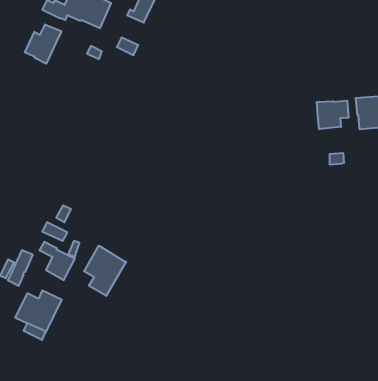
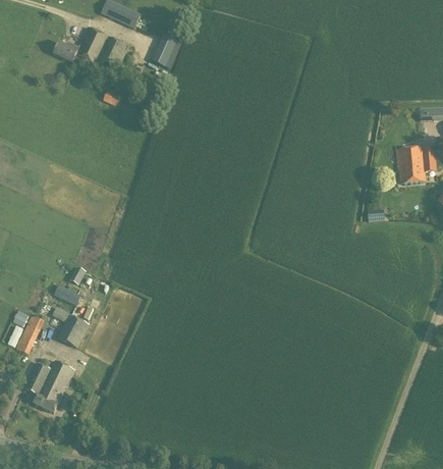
building: [25,24,61,64] -> none
building: [317,101,349,129] -> none
building: [84,246,126,296] -> none

